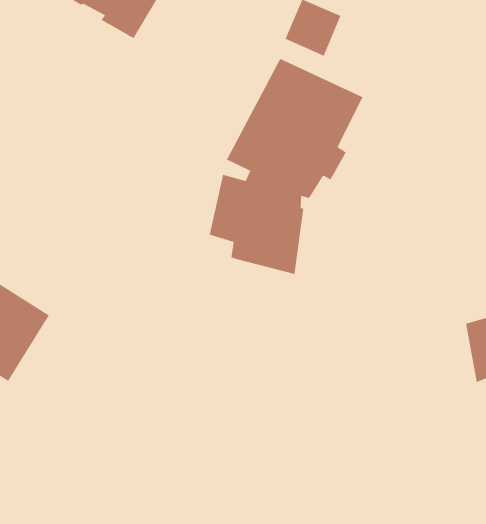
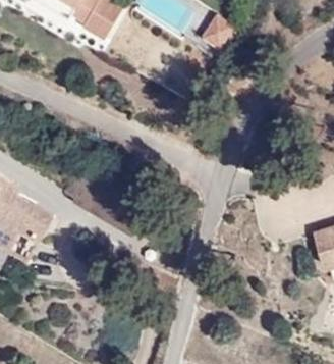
building: [209,58,363,275] -> none

